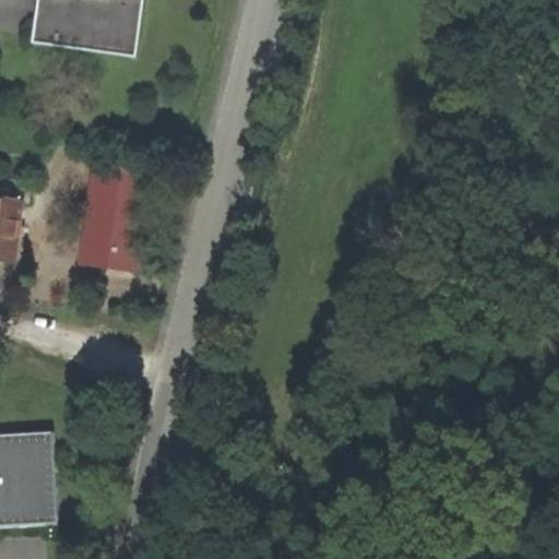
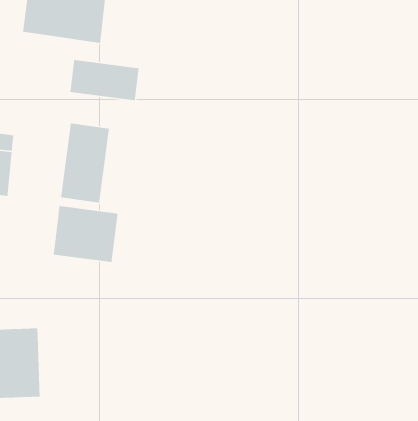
building: none -> [70,59,140,101]
building: none -> [53,205,118,263]

